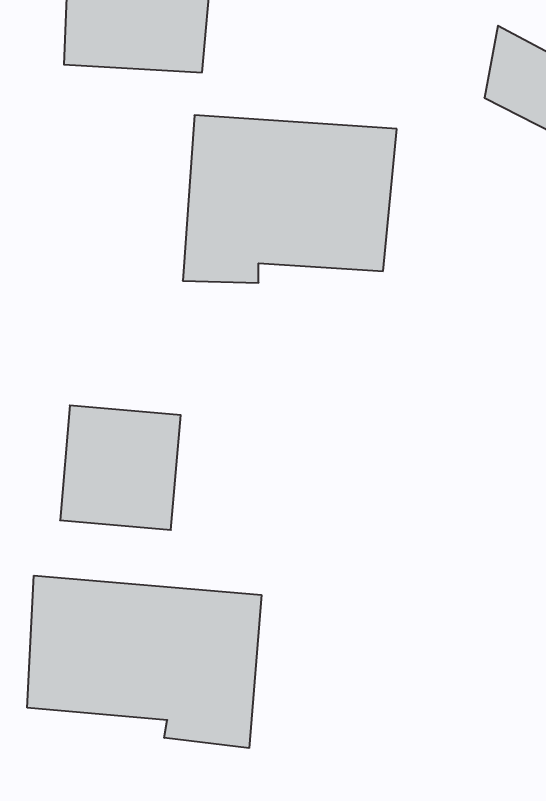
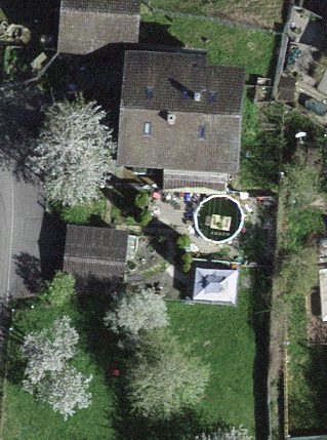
building: [27,576,261,748] -> none

